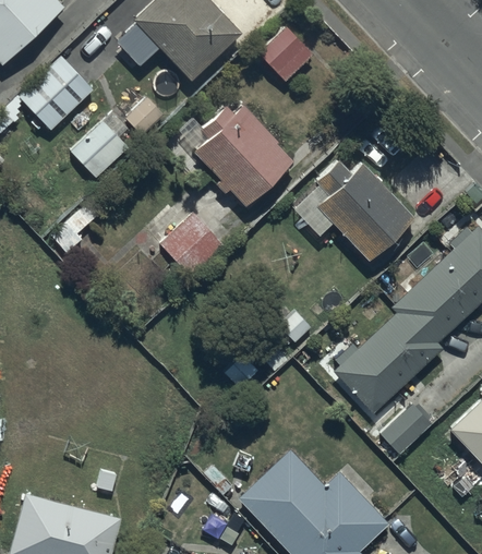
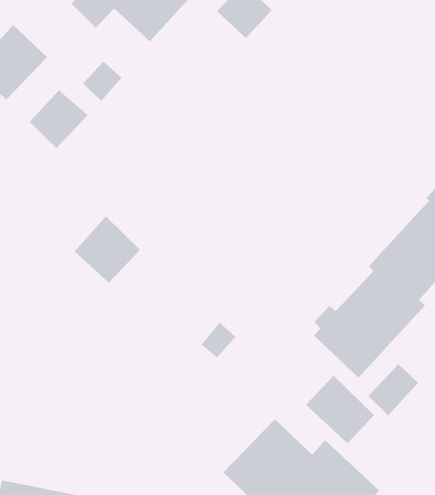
building: [178,105,292,207] -> none
building: [293,160,412,261] -> none
building: [160,212,225,277] -> [74,216,141,283]
building: none -> [305,375,375,444]

